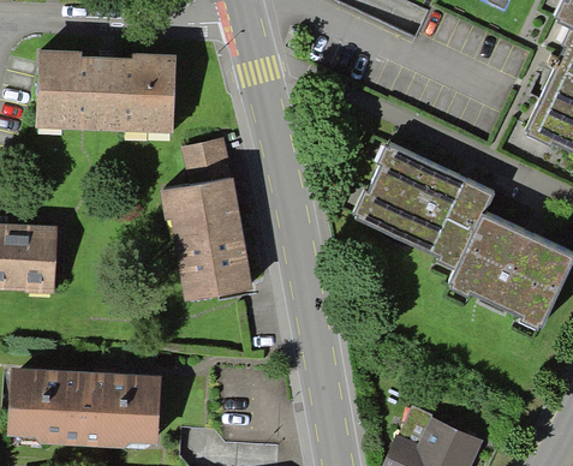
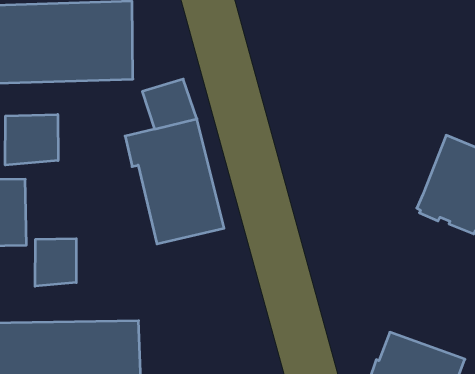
building: [353,145,491,270] -> none
building: none -> [5,114,58,165]
building: none -> [35,239,76,286]

